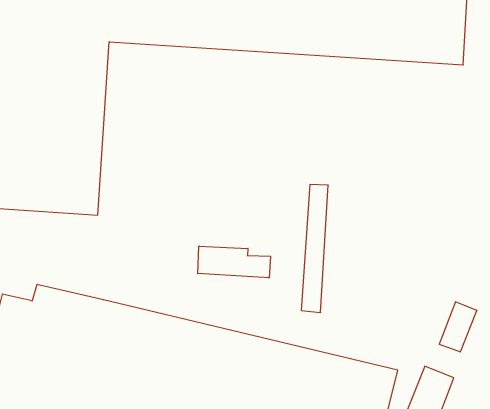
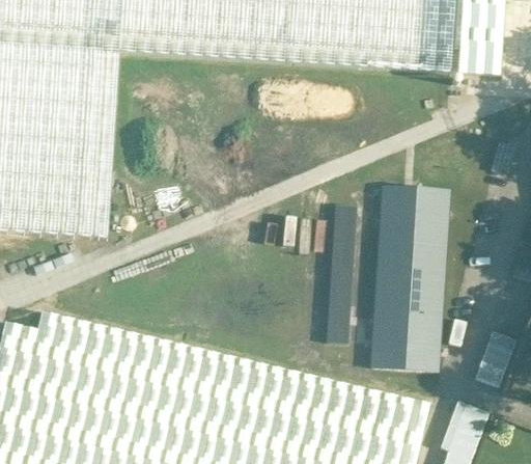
building: none -> [369,185,449,372]
building: [198,246,271,278] -> none

